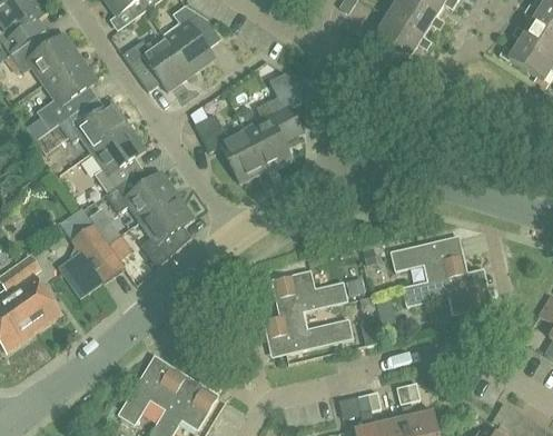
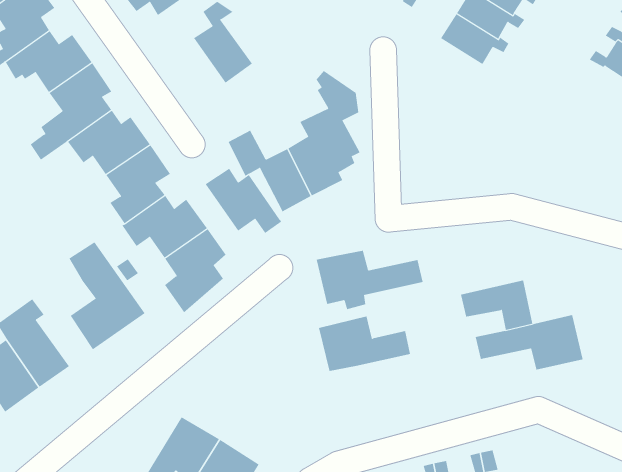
building: [122,37,191,91] -> none
building: none -> [205,168,282,234]
building: [261,311,352,361] -> [316,250,423,310]

